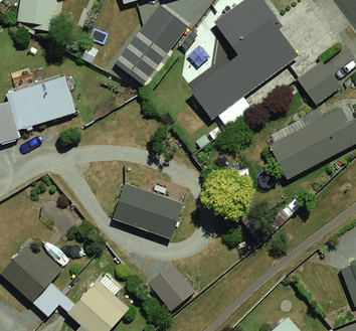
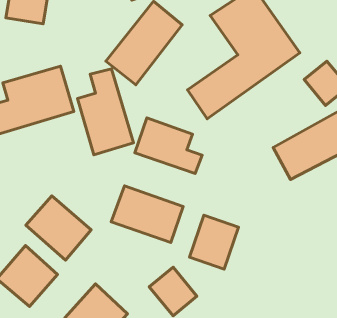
building: none -> [78,69,134,155]
building: none -> [135,118,202,173]
building: none -> [26,196,91,260]
building: none -> [189,215,239,269]

